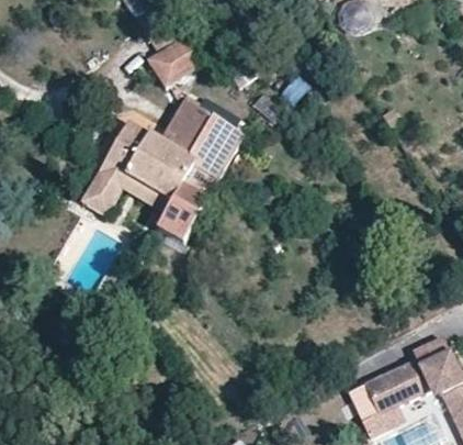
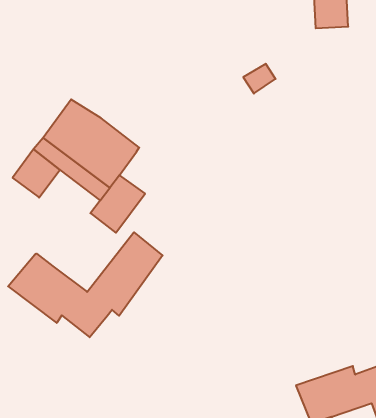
building: [144,41,199,92] -> none
building: [150,108,238,189] -> none
building: none -> [8,232,163,337]

